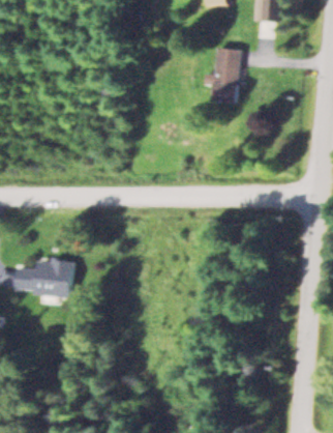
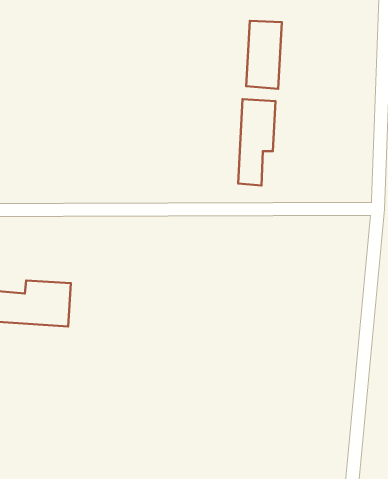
building: none -> [238,99,276,185]

